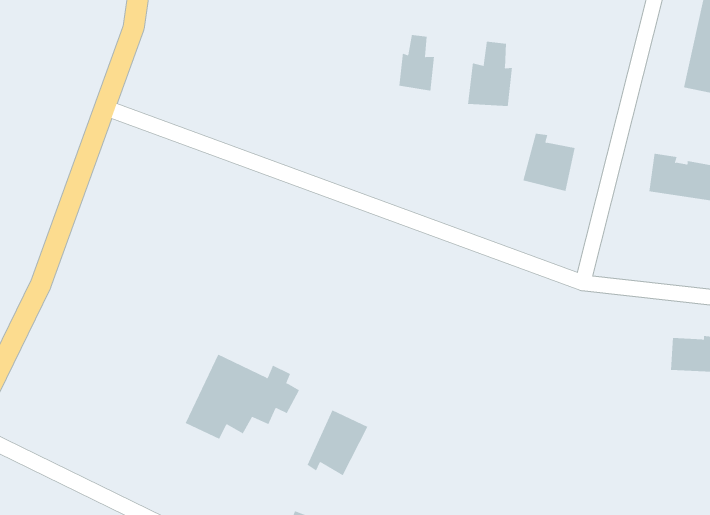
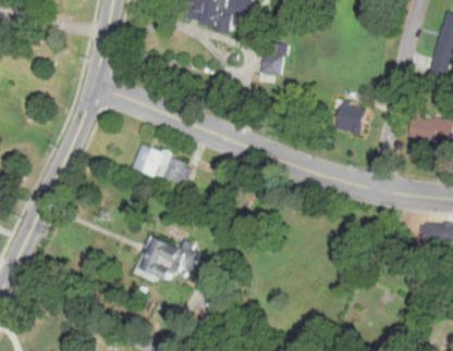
building: [467,41,513,107] -> none
building: none -> [128,147,189,184]
building: [307,409,368,476] -> none

